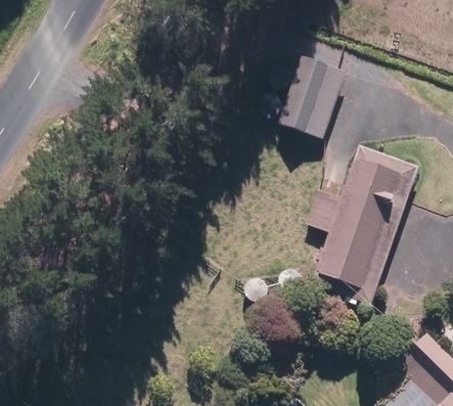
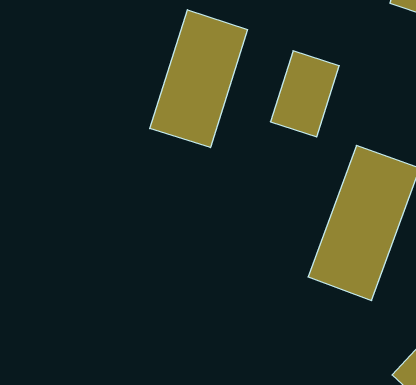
building: none -> [150,10,248,148]

